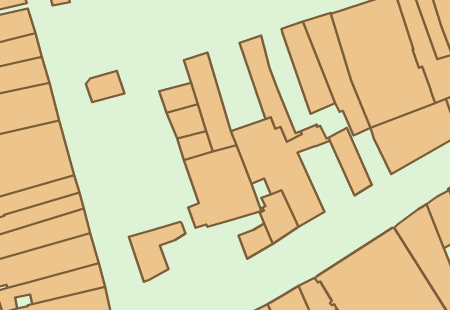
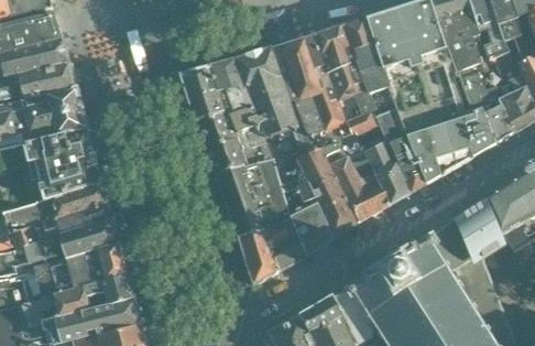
building: none -> [293,33,381,145]
building: none -> [238,47,297,138]
building: [86,71,124,102] -> [182,65,221,97]
building: none -> [387,134,426,191]
building: none -> [330,153,389,220]
building: [129,222,186,282] -> [238,220,296,282]

